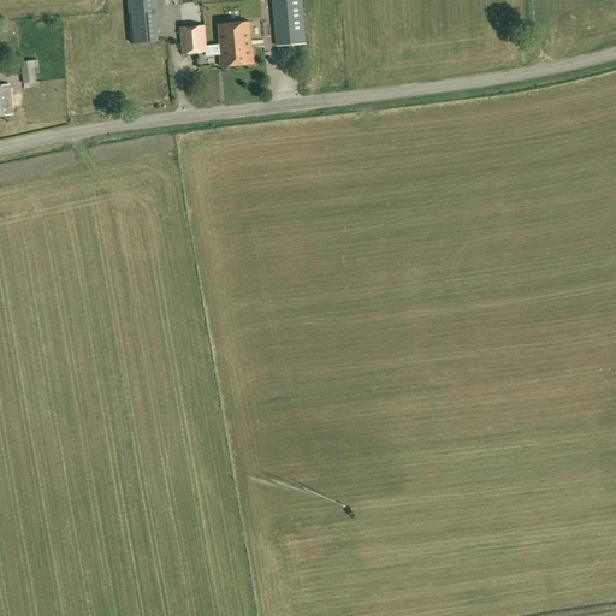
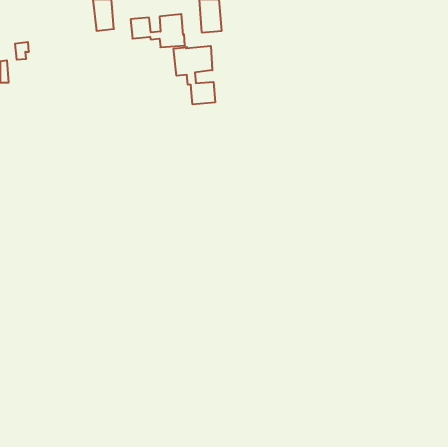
building: none -> [174,46,215,104]

